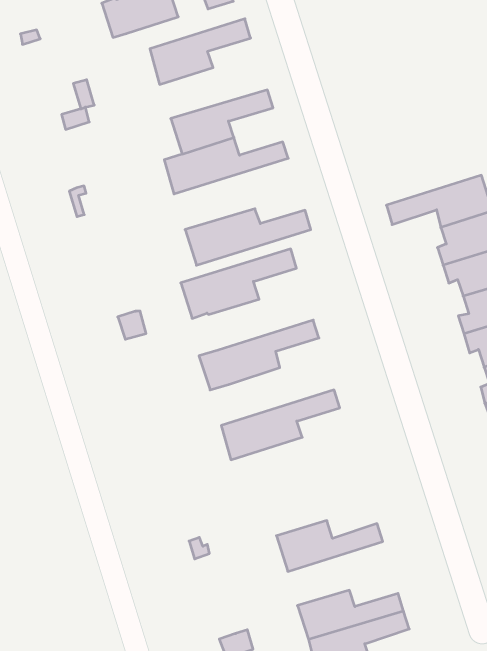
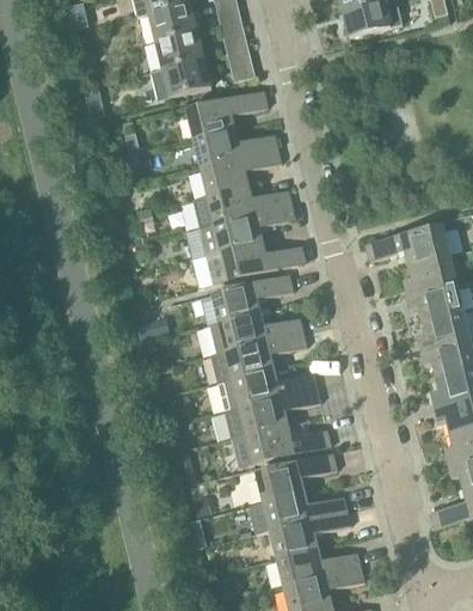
building: none -> [193,127,278,165]
building: none -> [199,202,295,253]
building: none -> [204,312,303,354]
building: none -> [219,367,317,410]
building: none -> [232,423,331,463]
building: none -> [257,453,338,500]
building: none -> [271,509,351,556]

